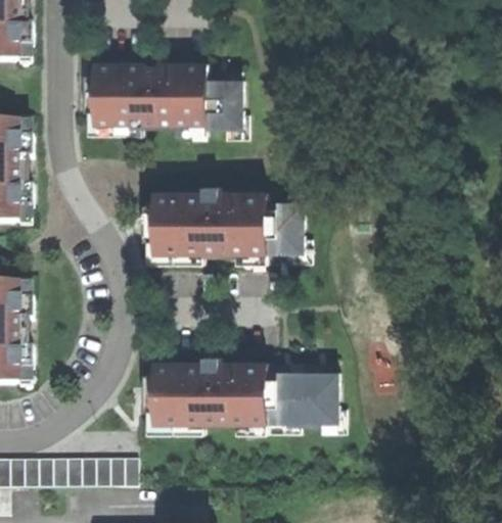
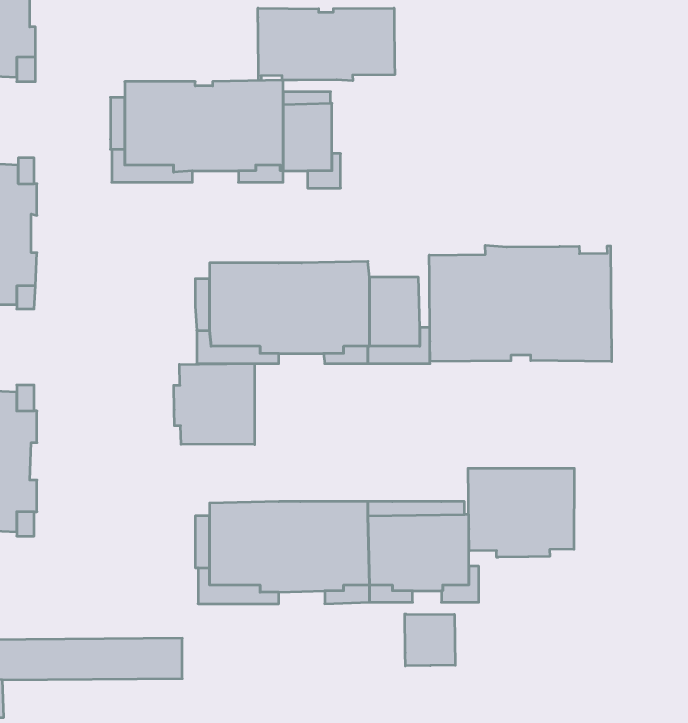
building: none -> [258,8,395,81]
building: none -> [429,245,612,362]
building: none -> [174,364,255,445]
building: none -> [468,468,574,557]
building: none -> [405,614,455,666]

